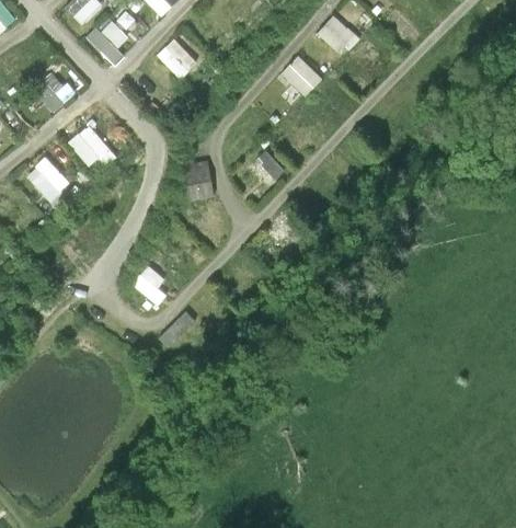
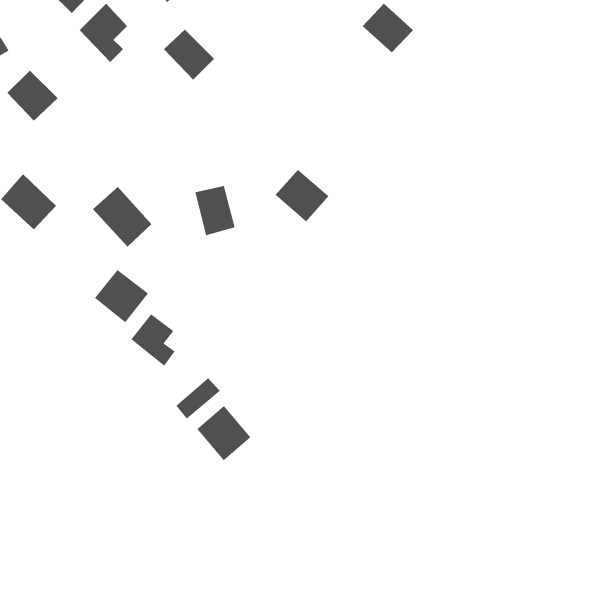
building: [279,56,322,97] -> none
building: [66,119,114,169] -> [92,186,152,247]
building: none -> [94,269,149,323]
building: none -> [197,405,251,461]

